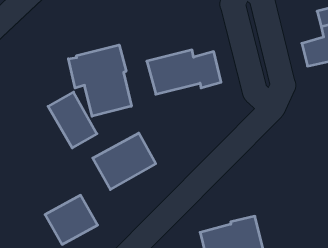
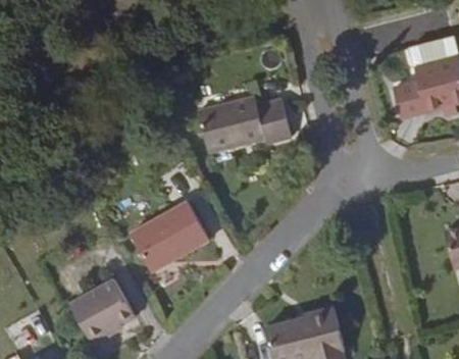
building: [68,45,131,116] -> none
building: [48,92,97,148] -> none

